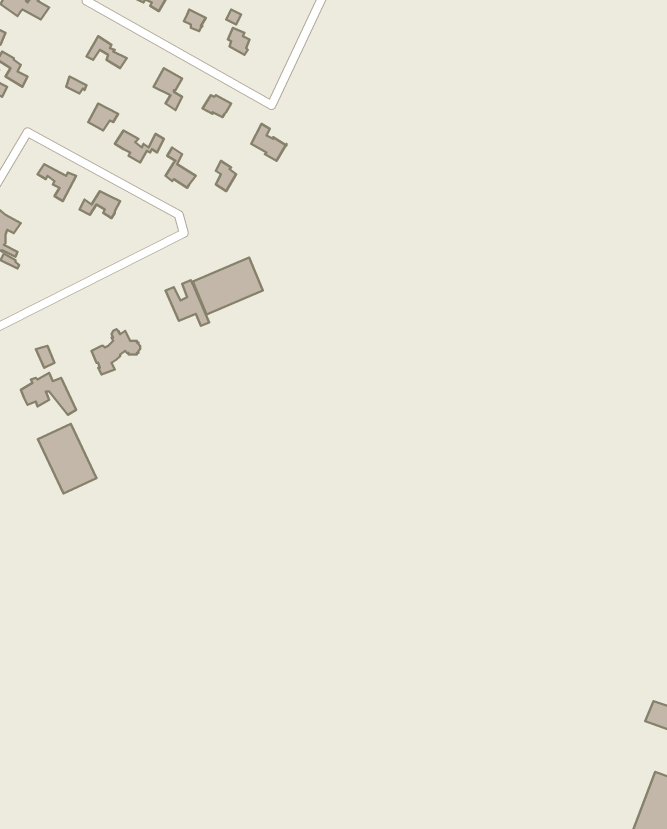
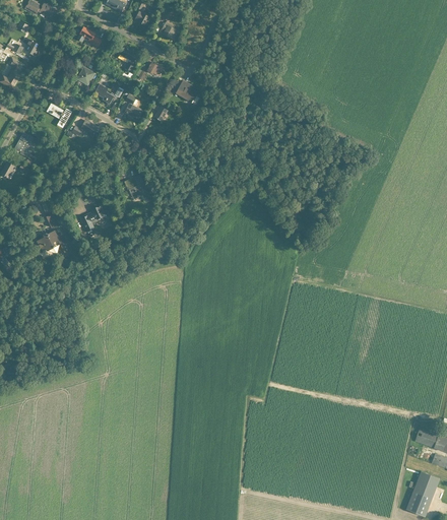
building: [193,257,263,315] -> none
building: [38,424,97,493] -> none

